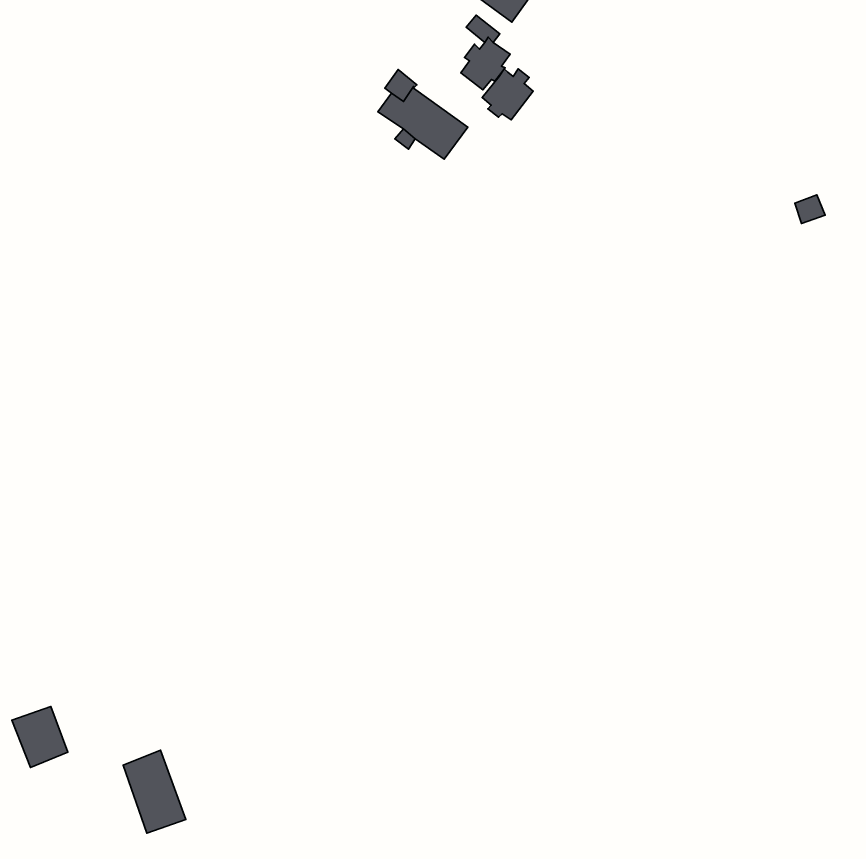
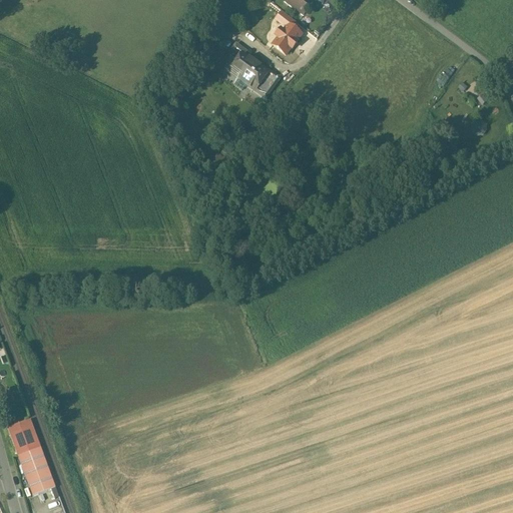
building: [482,69,533,120] -> none
building: [123,750,186,833] -> [18,445,55,494]

